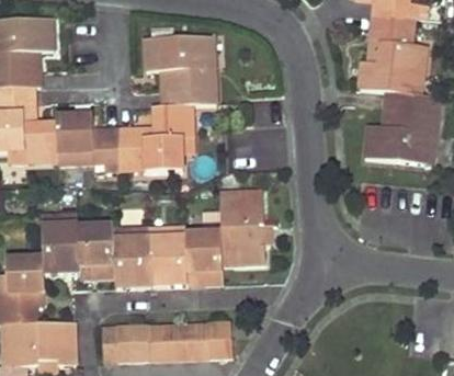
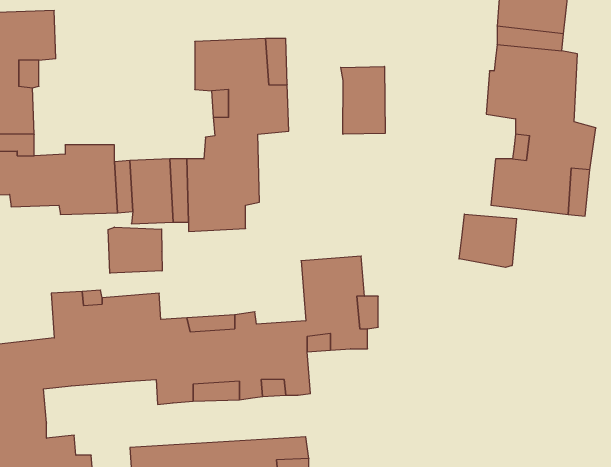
building: none -> [341,66,385,134]
building: none -> [459,214,517,267]
building: none -> [108,227,162,273]

